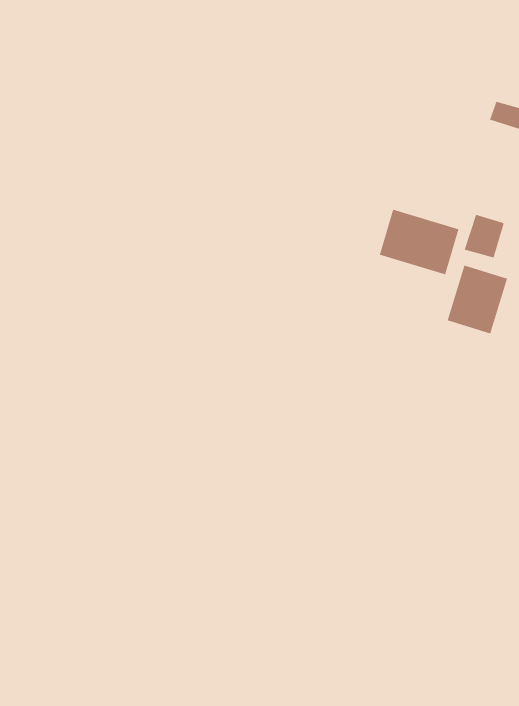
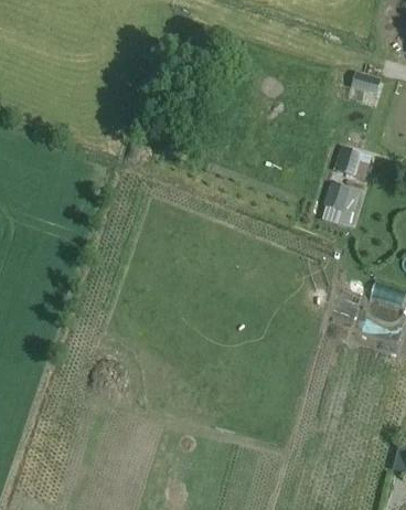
building: [379,209,459,275] -> none

